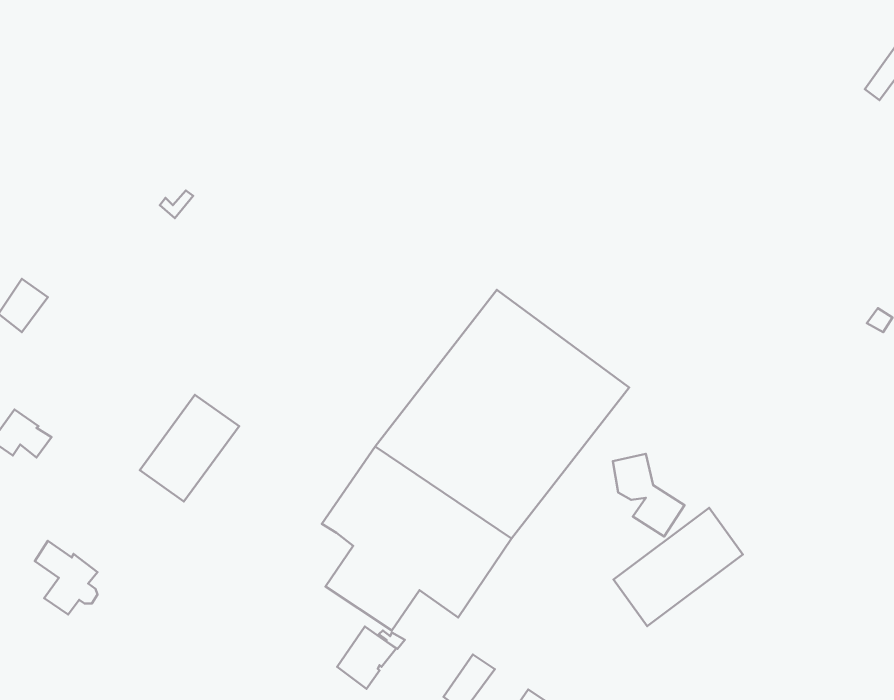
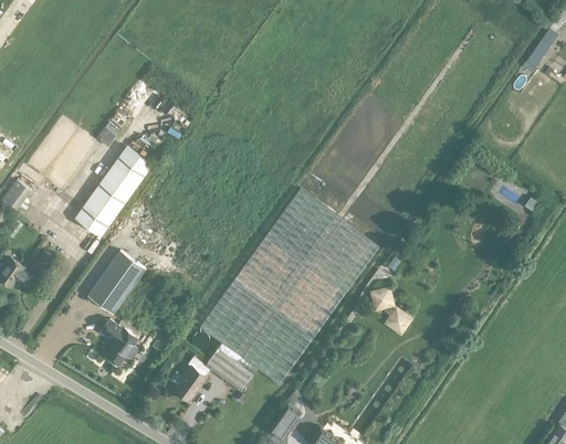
building: none -> [74,147,151,237]
building: [614,508,743,626] -> none
building: [35,541,97,615] -> [97,321,135,366]
building: [337,626,396,689] -> [171,367,207,404]

